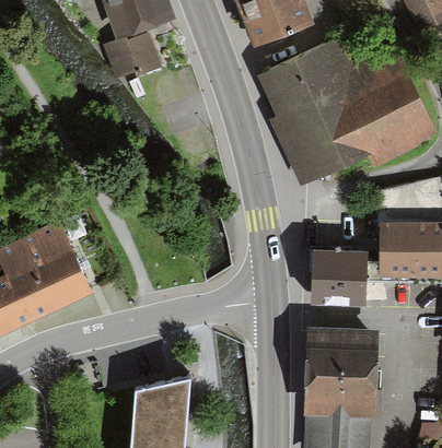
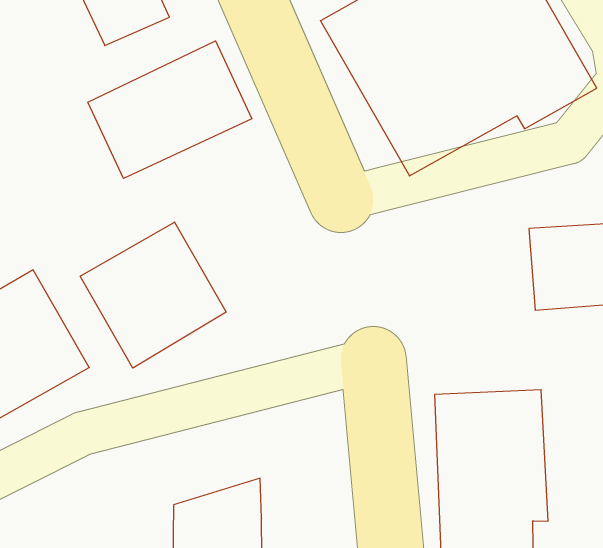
building: none -> [88,41,252,178]
building: none -> [80,222,226,368]
building: [311,252,370,307] -> none

